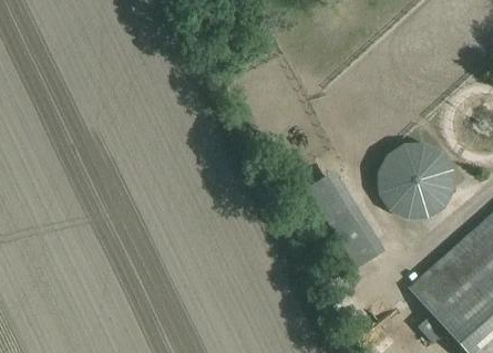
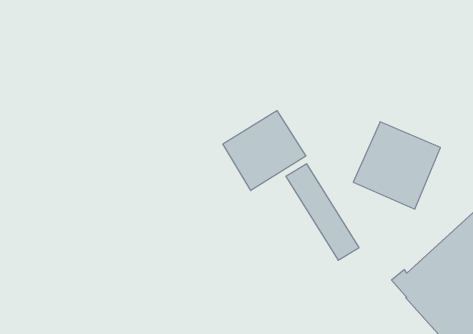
building: none -> [223,111,306,191]

